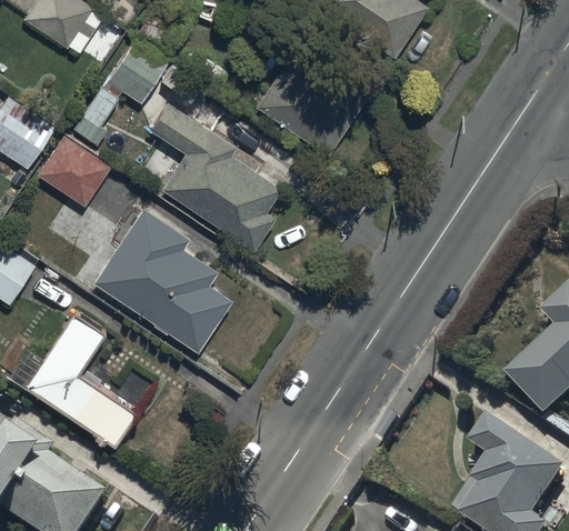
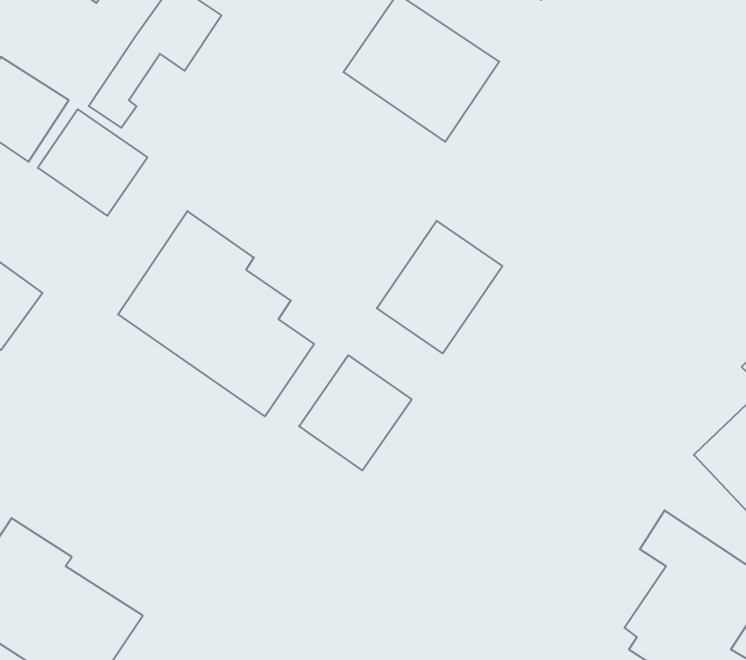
building: [148,101,282,251] -> none
building: none -> [377,221,502,353]
building: none -> [299,355,412,470]
building: [23,311,137,447] -> none

